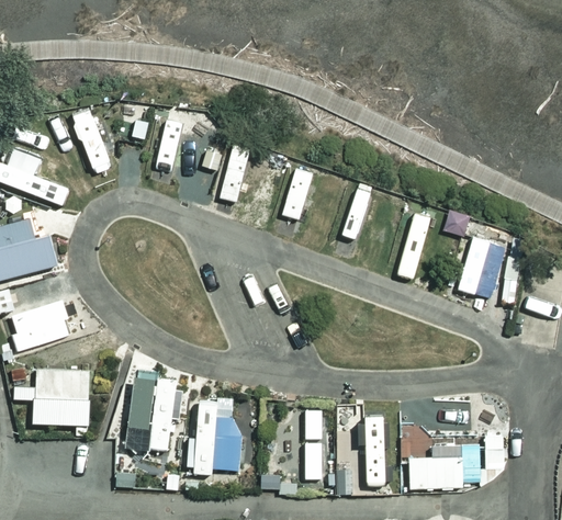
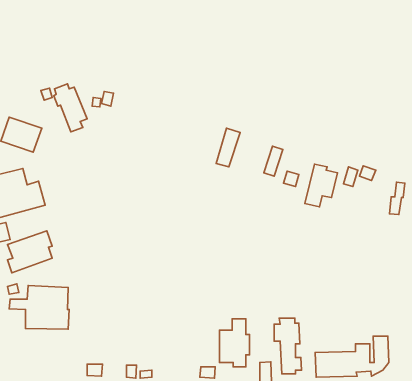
building: [457,239,505,298] -> none
building: [130,376,184,450] -> none
building: [186,399,243,474] -> none

